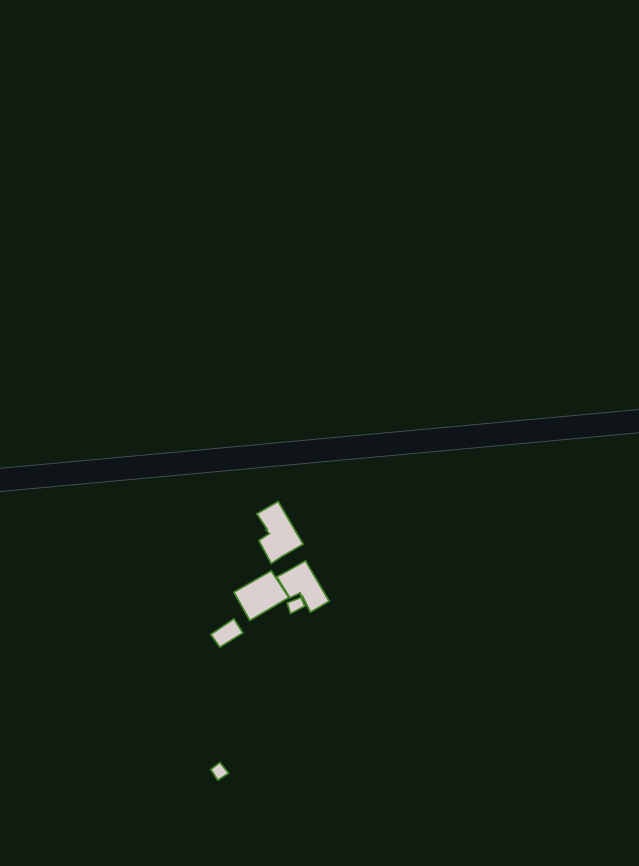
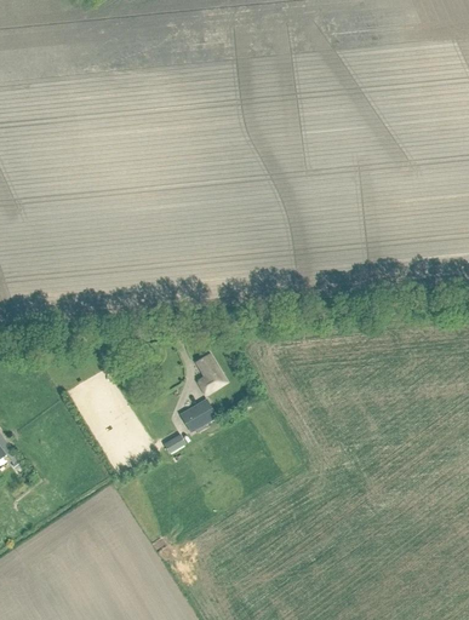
building: [277,561,329,612] -> none

